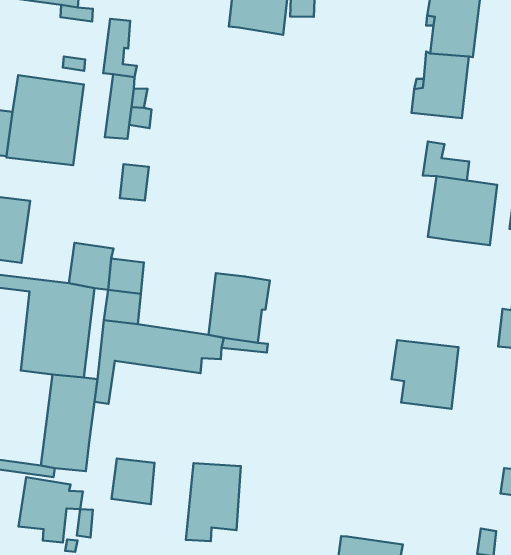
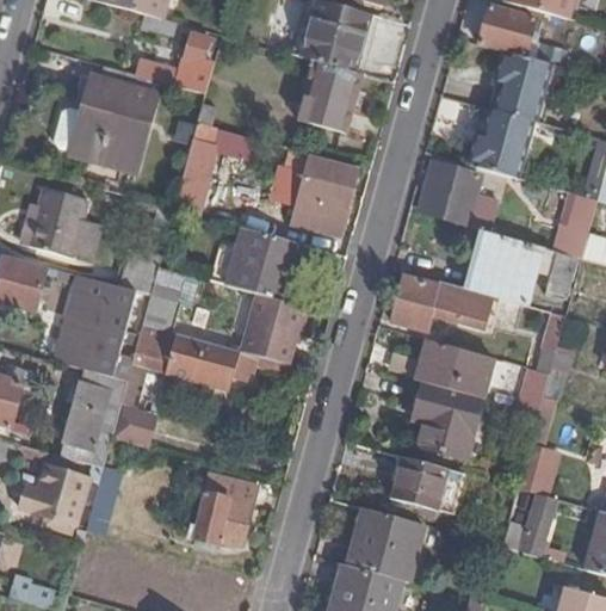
building: none -> [297,60,360,132]
building: none -> [419,162,478,221]
building: none -> [284,147,357,240]
building: none -> [227,227,299,301]
building: none -> [389,271,490,331]
building: none -> [420,341,493,399]
building: none -> [389,456,446,510]
building: [112,458,155,504] -> [111,401,157,450]
building: none -> [347,507,423,582]

